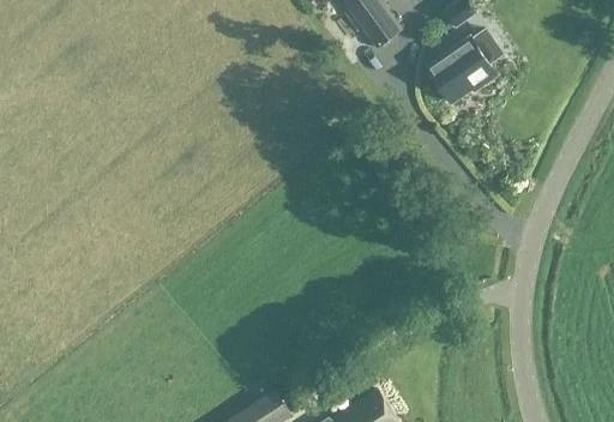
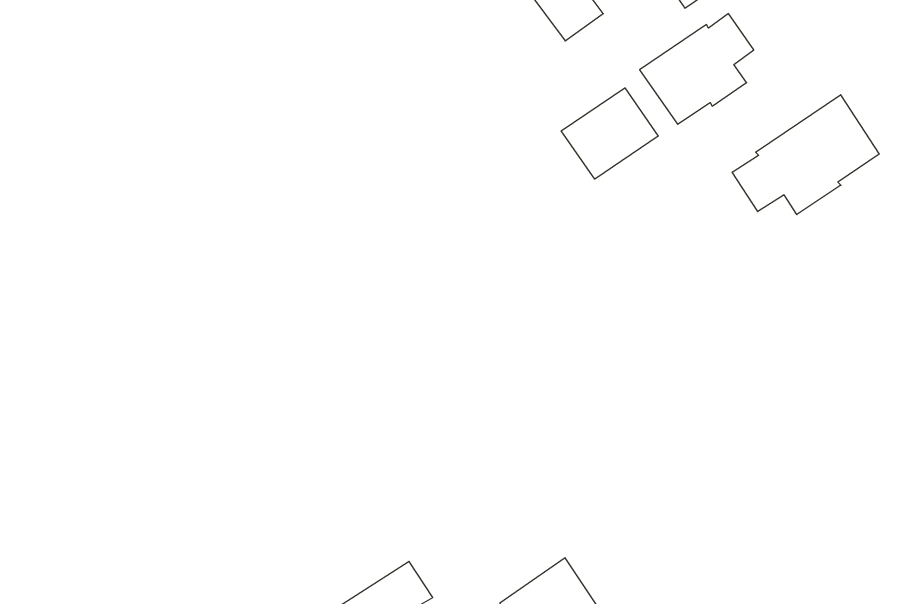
building: none -> [561,88,658,179]
building: none -> [732,95,879,215]

